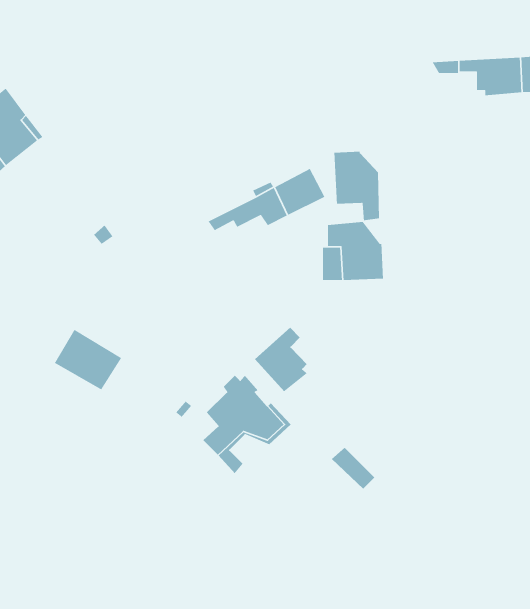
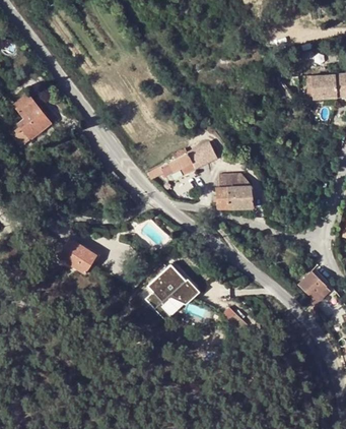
building: [333,151,380,221] -> none
building: [254,327,308,392] -> none
building: none -> [299,271,332,307]

